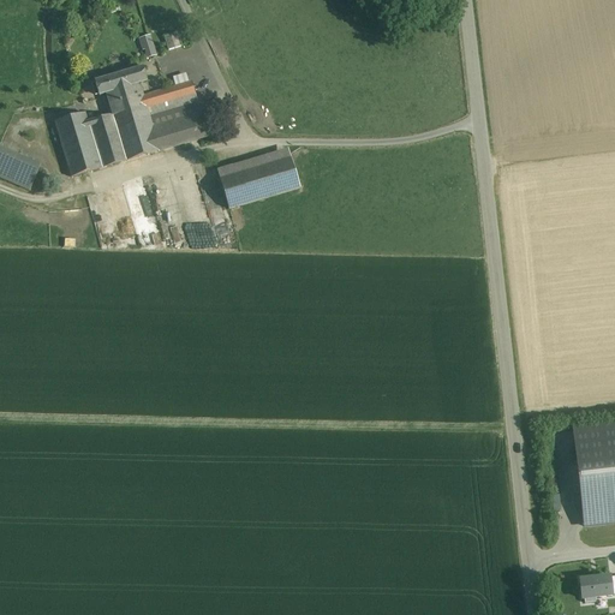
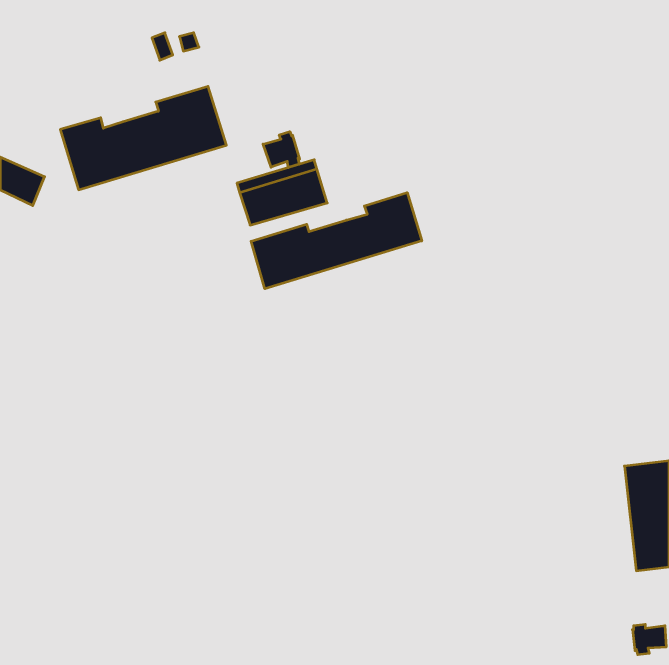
building: [95,65,148,112] -> none
building: none -> [263,132,300,168]
building: none -> [251,193,422,289]

